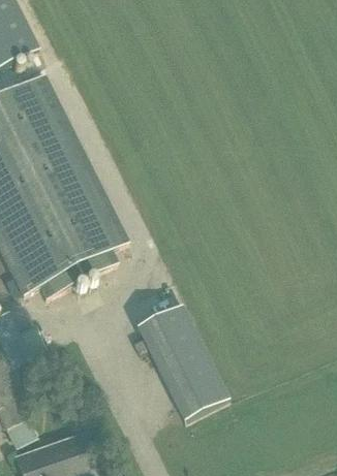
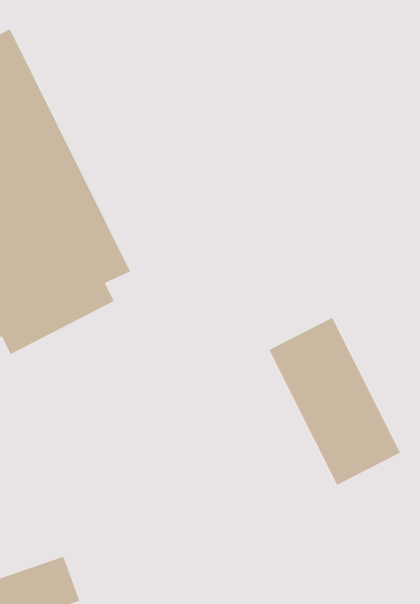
building: [136,303,228,419] -> [268,317,401,486]

